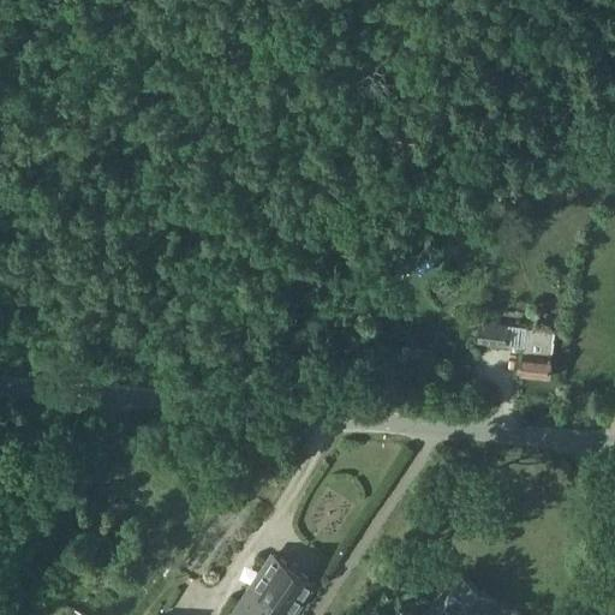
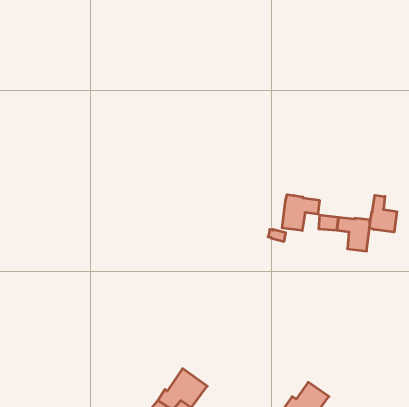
building: none -> [282,195,319,231]
building: none -> [369,195,397,232]

